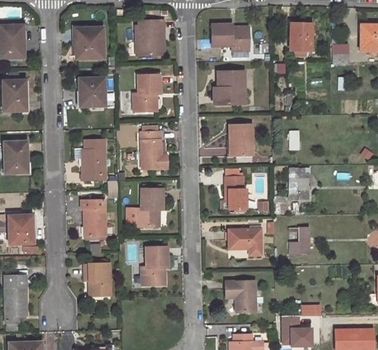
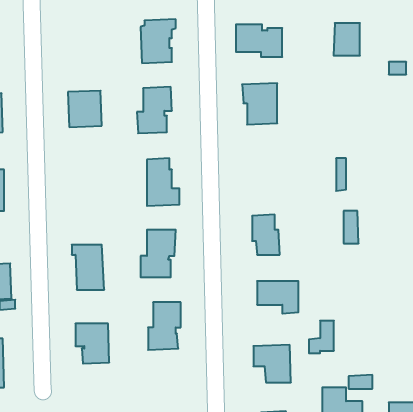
building: [75,27,103,58] -> none
building: [229,123,252,156] -> none
building: [82,149,106,180] -> none
building: [290,228,310,254] -> [309,321,334,353]

